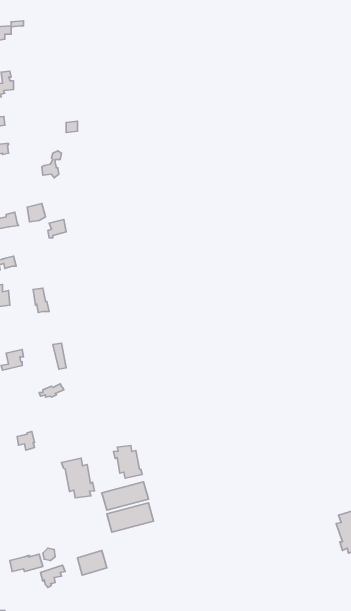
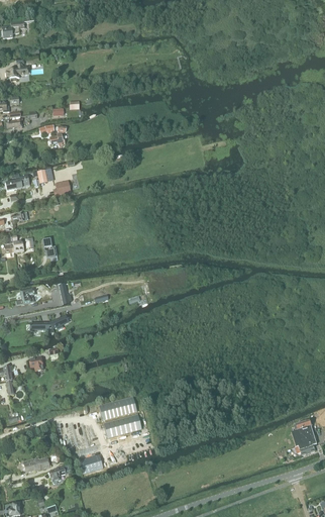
building: [114,445,142,478] -> none
building: [62,458,95,498] -> none

